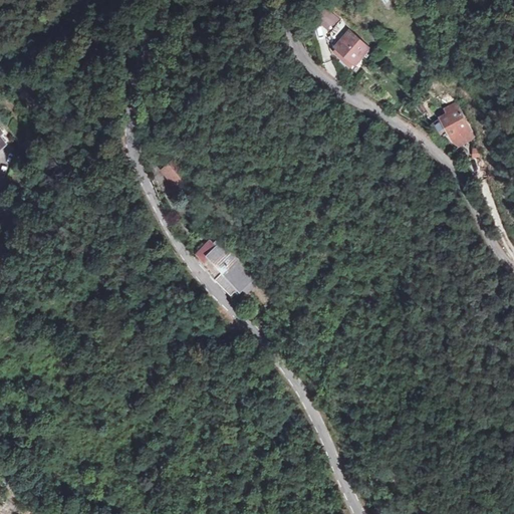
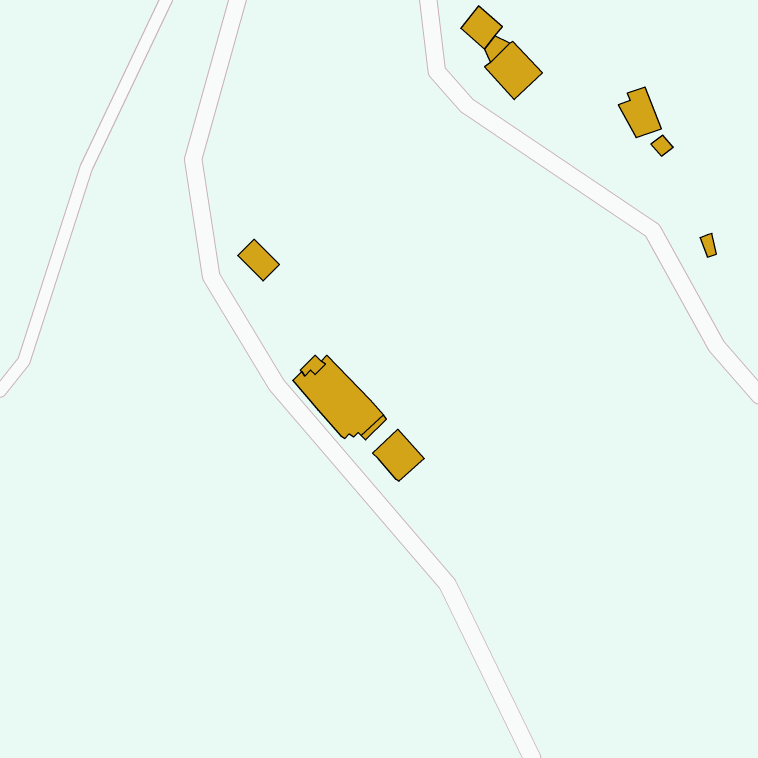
building: [440,109,469,144] -> [618,87,661,138]
building: none -> [373,429,424,481]

